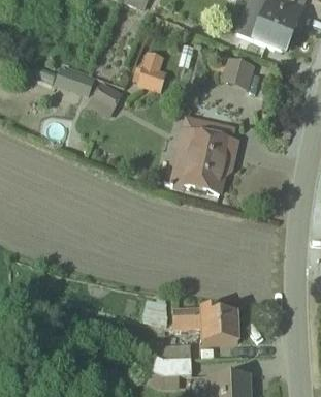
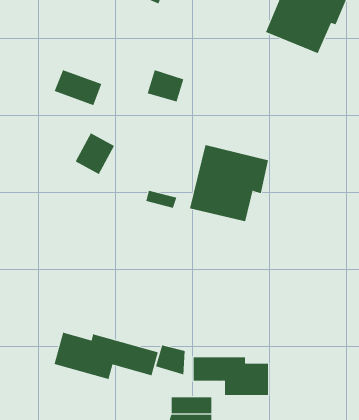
building: [222,56,254,86] -> none
building: [89,82,123,118] -> [75,133,115,175]
building: none -> [54,332,158,380]

